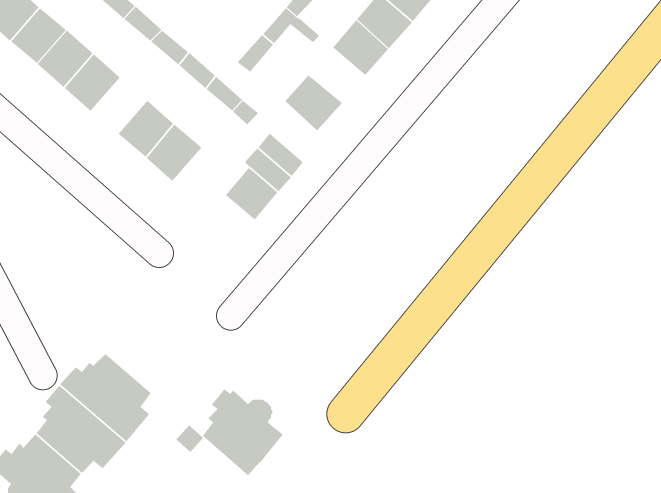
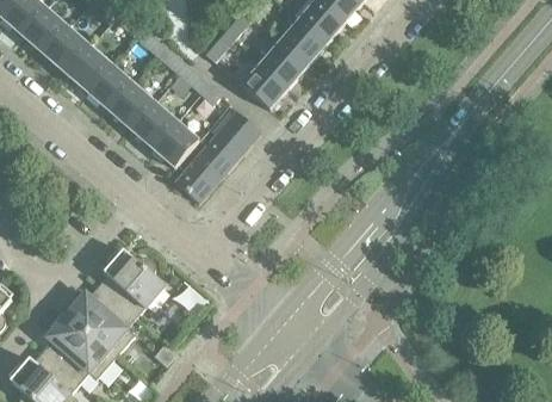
building: none -> [261,41,306,85]
building: none -> [87,64,132,110]
building: none -> [153,120,198,167]
building: none -> [174,159,218,203]
building: [202,388,284,476] -> [99,247,165,317]

